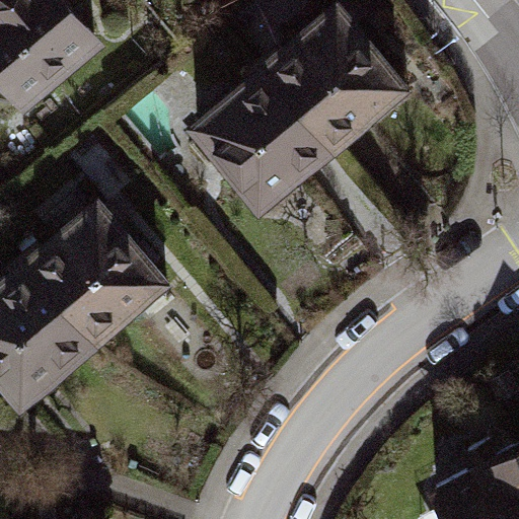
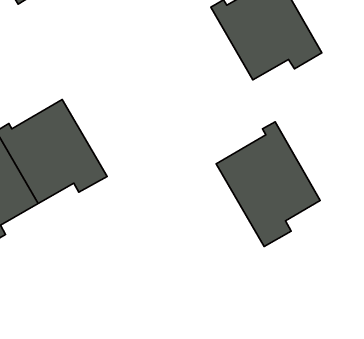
building: [194,67,327,216] -> none
building: none -> [216,122,320,247]

